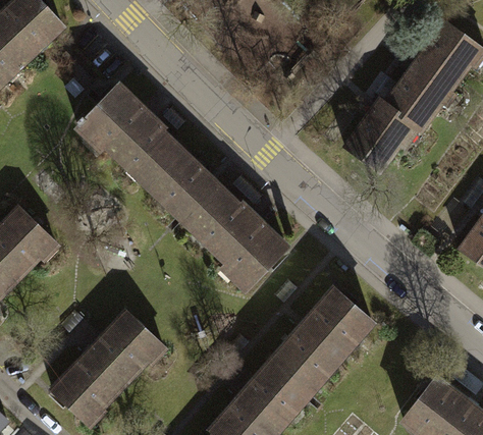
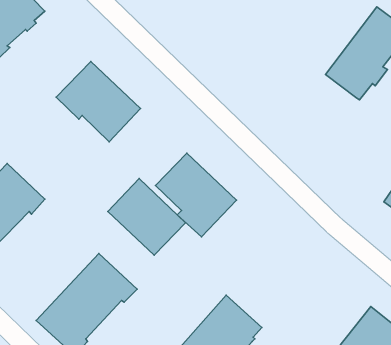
building: [342,95,425,176] -> none
building: [136,140,226,229] -> [108,178,185,255]
building: [272,287,376,395] -> none

